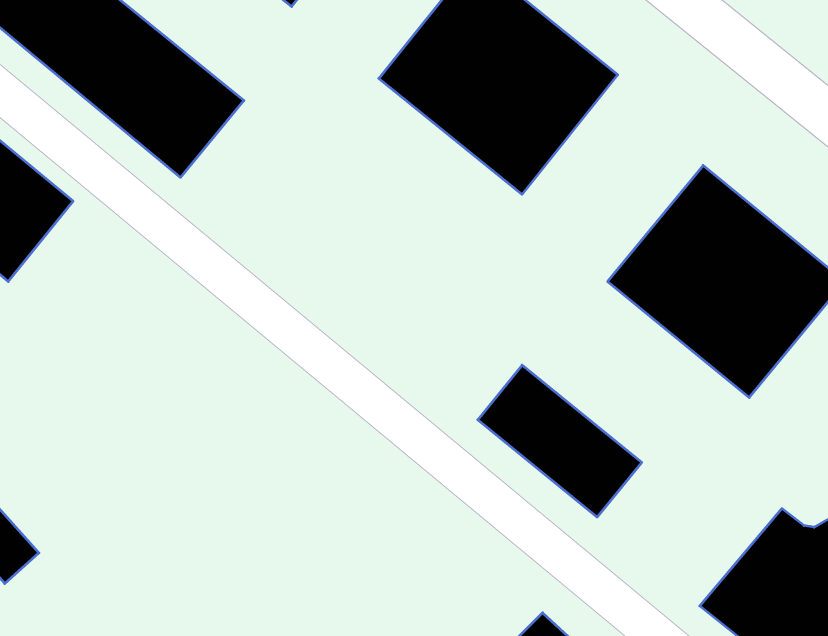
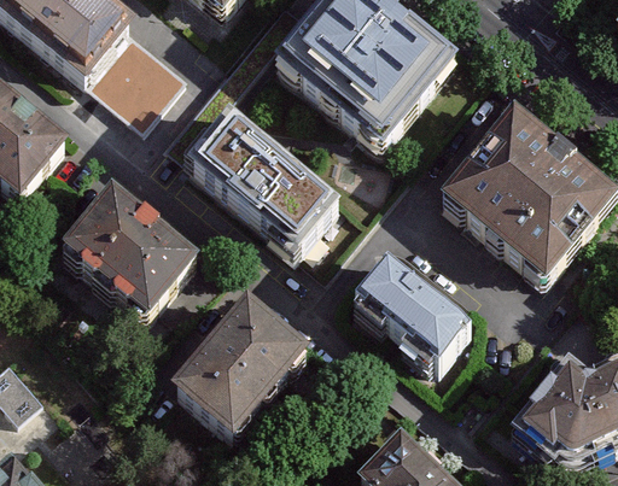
building: none -> [180,101,349,260]
building: none -> [71,195,197,316]
building: none -> [179,314,307,445]

